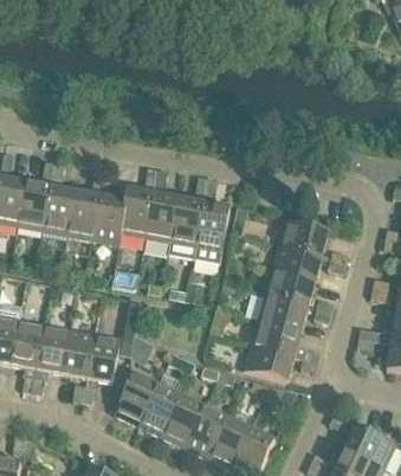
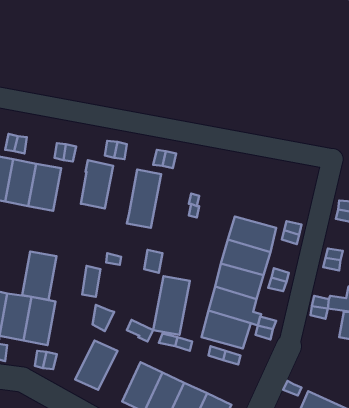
building: [145,192,179,240] -> none
building: [92,194,127,243] -> none
building: [193,200,231,260] -> [153,276,190,335]
building: [279,218,329,256] -> none
building: [86,332,122,381] -> [22,252,57,300]
building: [138,382,182,435] -> none

